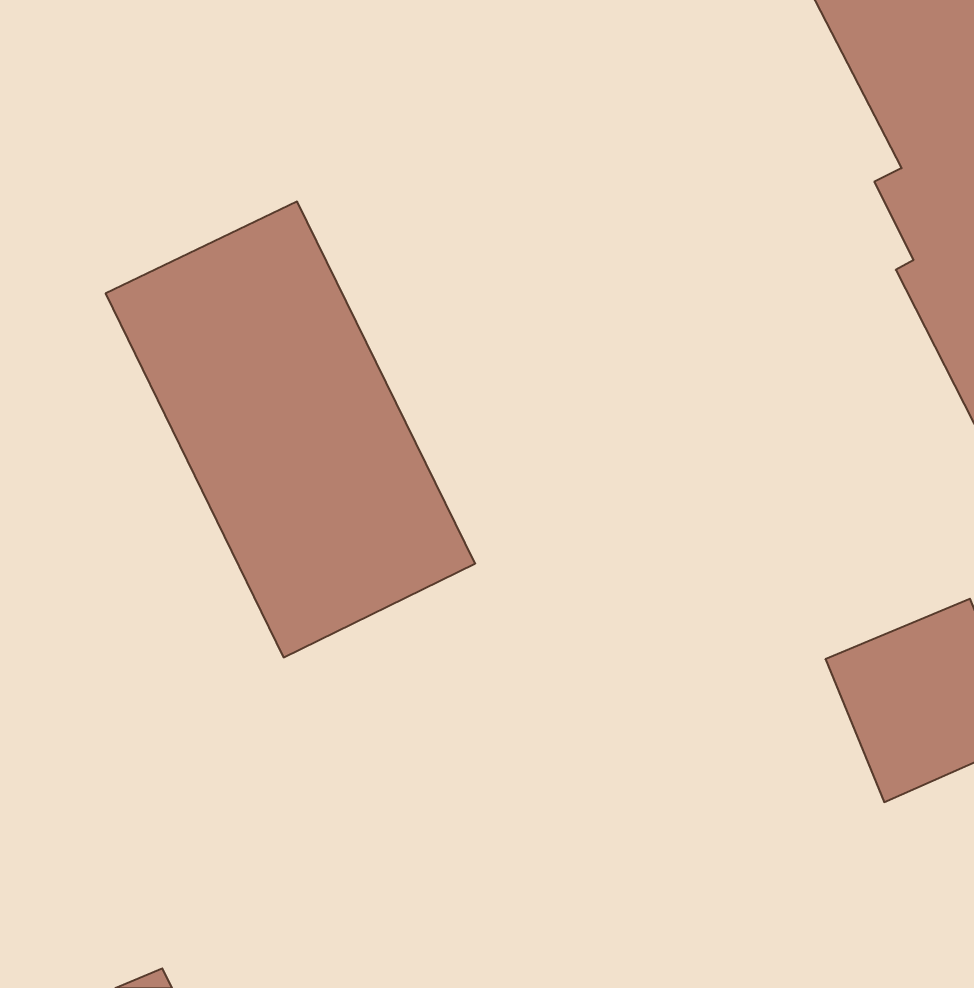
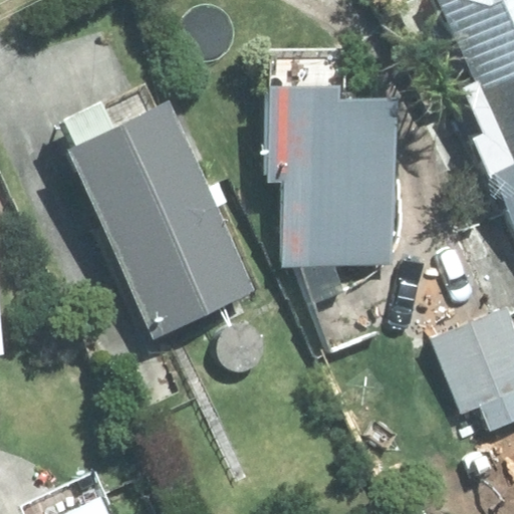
building: none -> [269,88,397,264]

